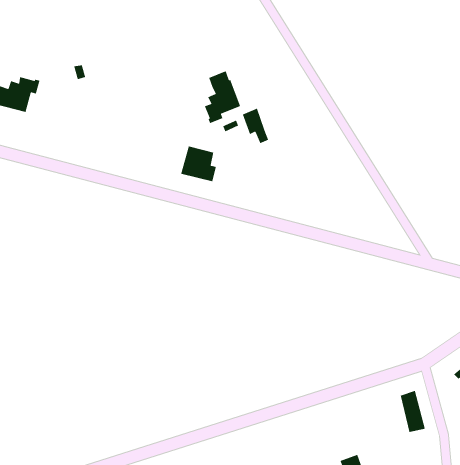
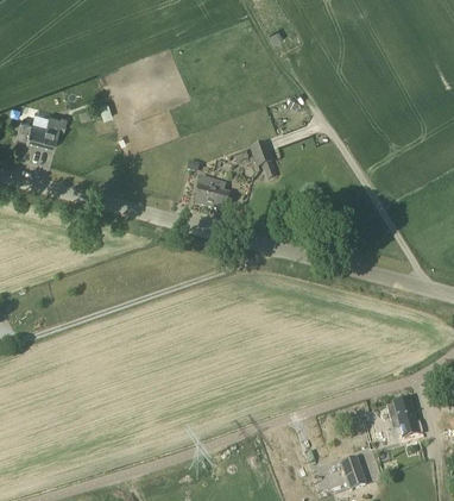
building: [204,70,241,124] -> none

